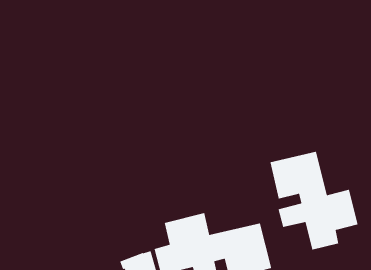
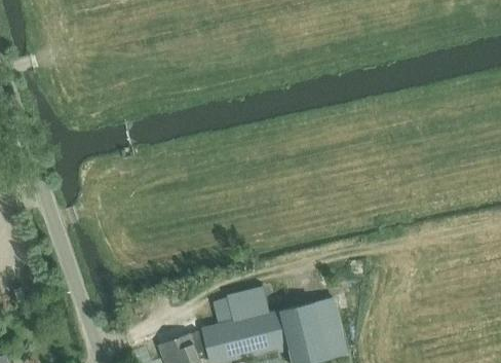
building: [269,151,358,251] -> none

